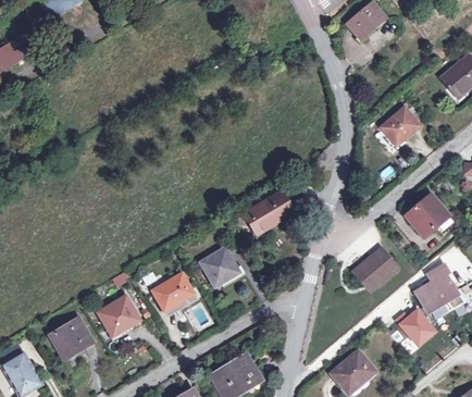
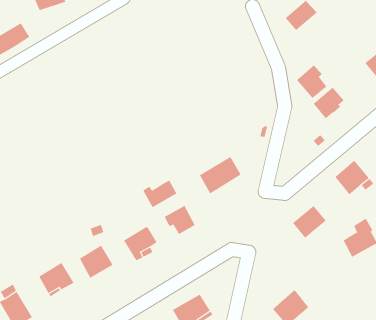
building: none -> [296,65,327,99]
building: none -> [143,180,177,208]
building: [396,306,437,352] -> none

